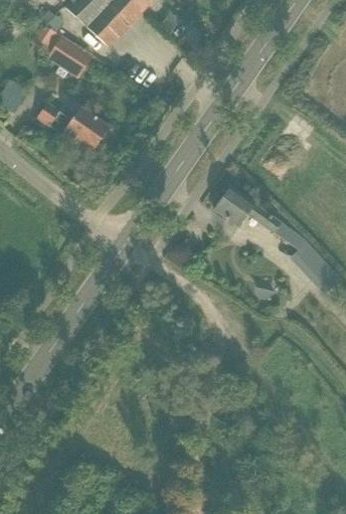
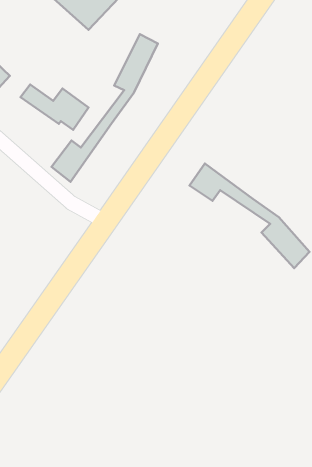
building: [48,35,92,75] -> none
building: none -> [51,34,158,182]

